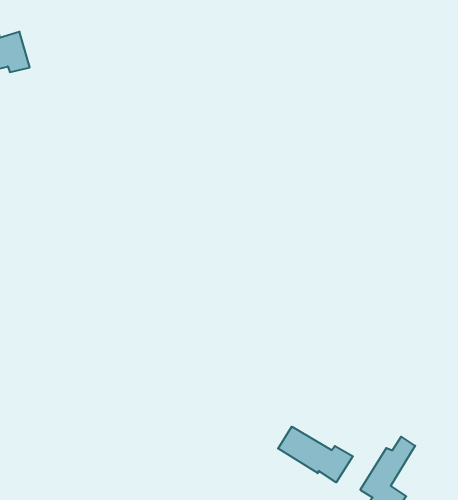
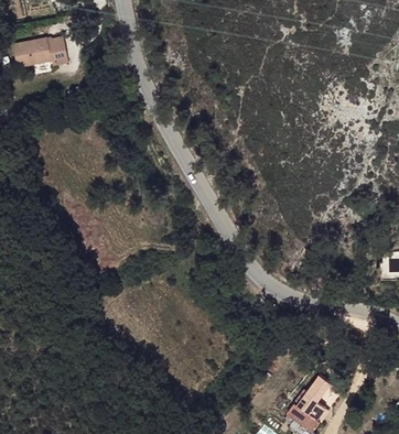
building: [278,427,353,482] -> none

